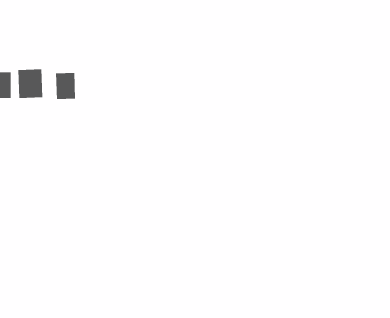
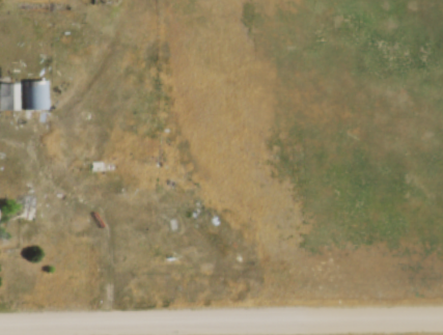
building: [55,72,76,100] -> none

